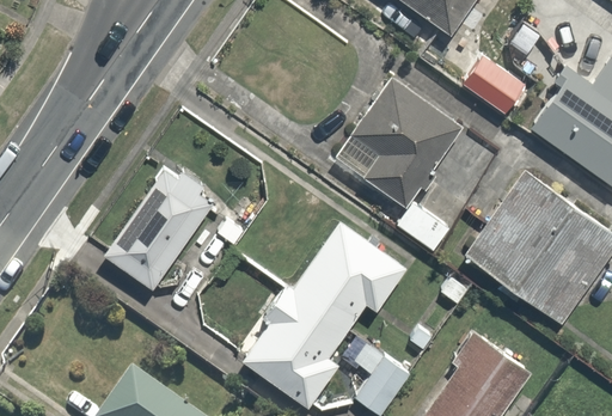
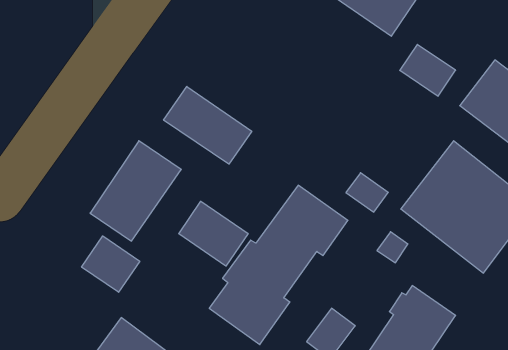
building: [337,75,459,200] -> none
building: none -> [164,86,252,164]
building: none -> [179,201,248,266]
building: none -> [82,236,140,292]

